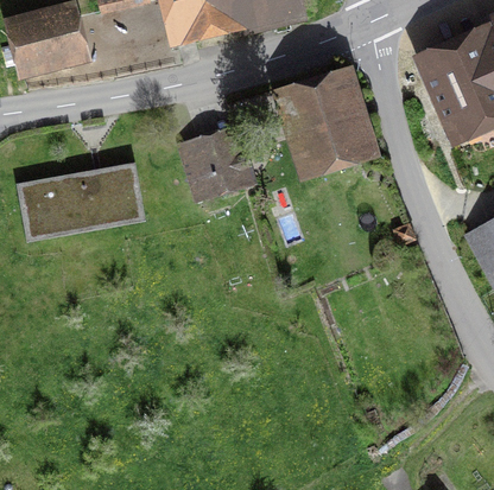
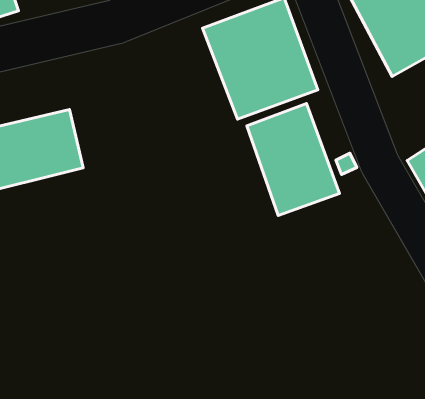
building: [176,122,259,201] -> none
building: none -> [247,104,339,215]

